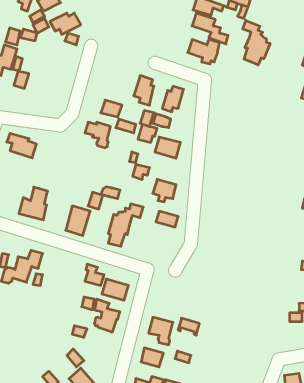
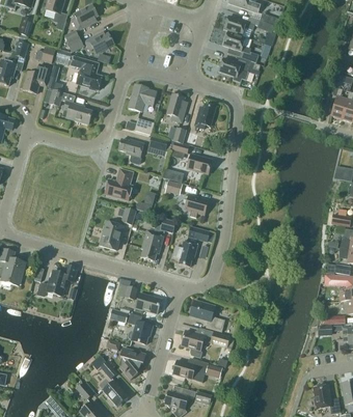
building: [243,20,270,65] -> none
building: none -> [71,56,102,90]
building: none -> [129,83,157,111]
building: [7,133,36,158] -> [63,101,92,124]
building: [19,187,48,220] -> [105,168,133,200]
building: none -> [172,240,197,267]
building: none -> [190,300,225,331]
building: none -> [119,348,145,380]

